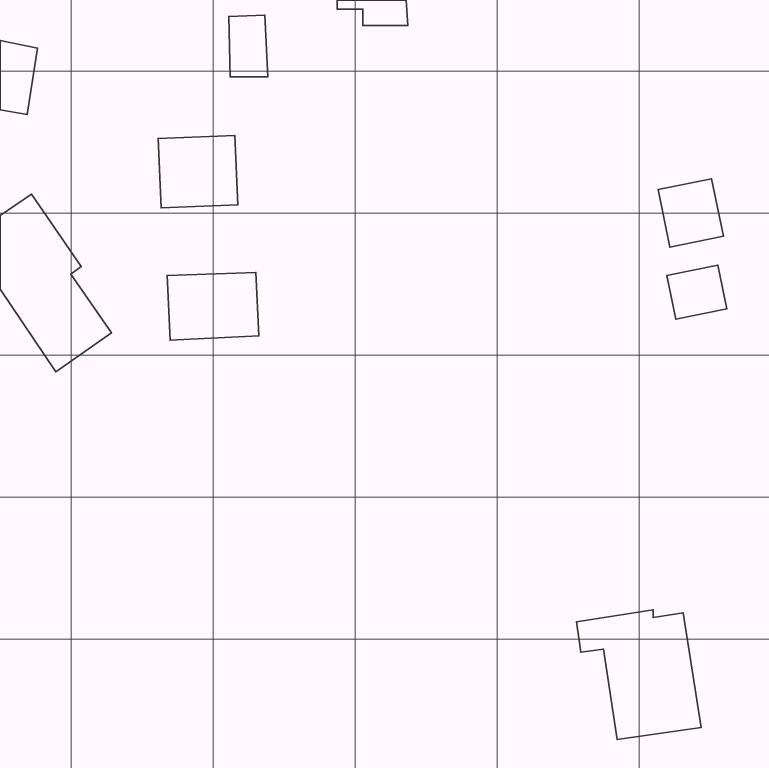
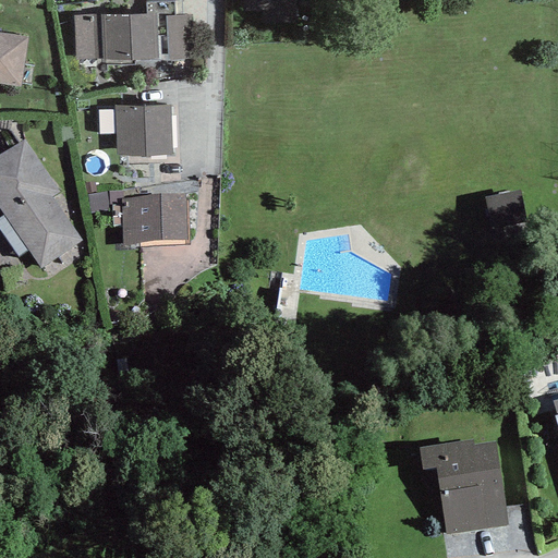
building: none -> [74,8,158,58]
building: [658,179,723,247] -> none

